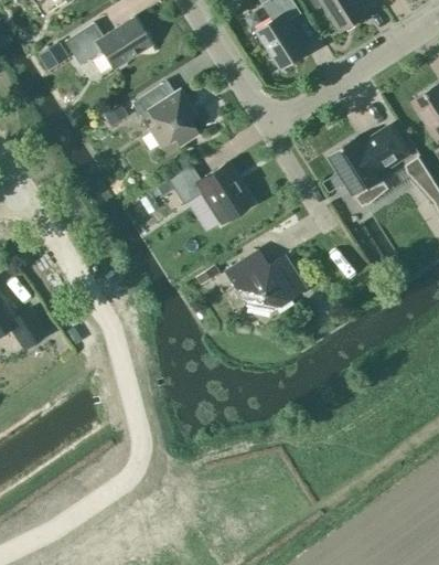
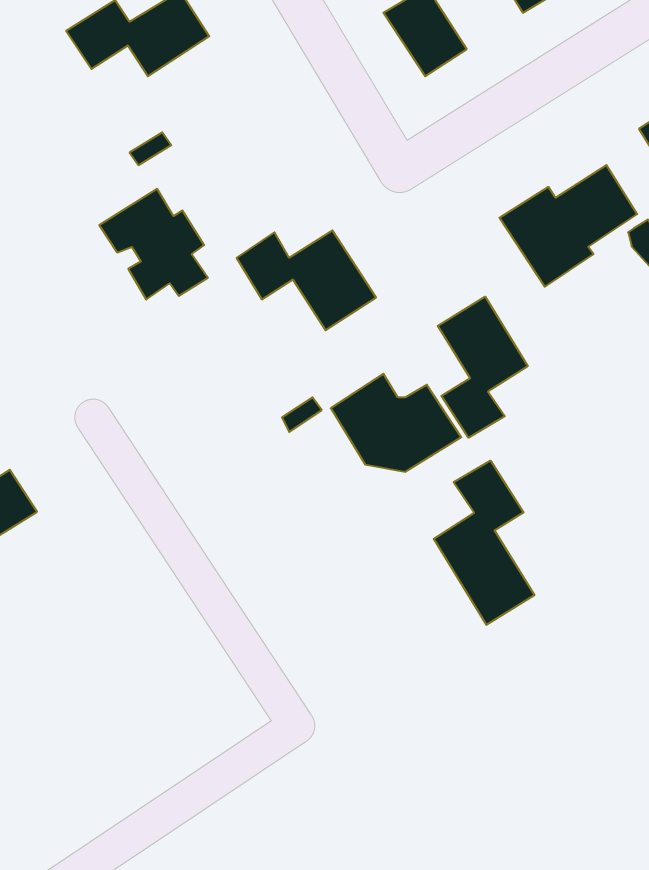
building: [131,81,197,148] -> [99,189,208,300]
building: none -> [438,297,528,438]
building: none -> [434,461,534,625]

